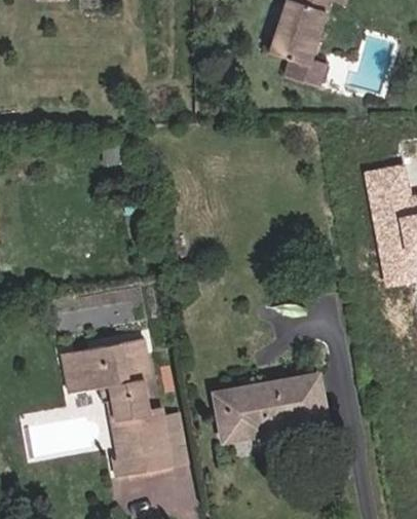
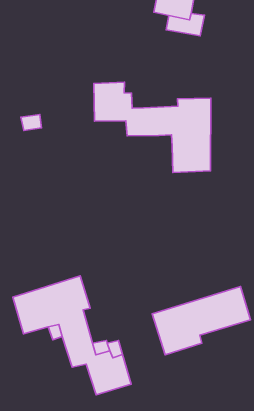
building: none -> [94,82,211,172]
building: [109,436,141,476] -> none

